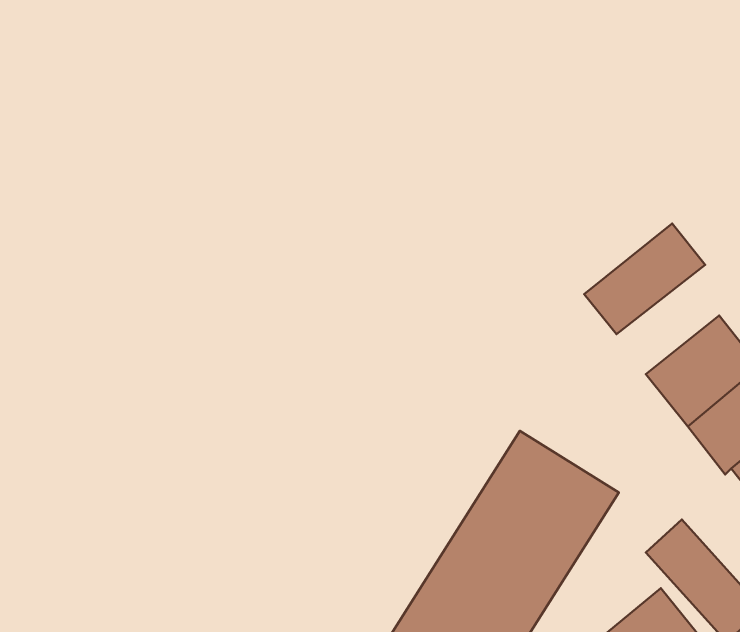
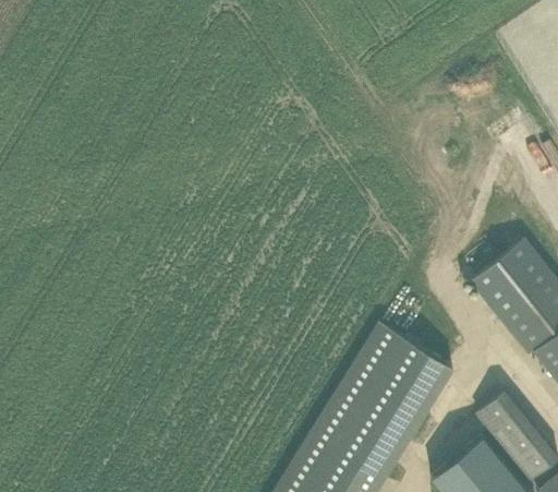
building: [584,223,705,334] -> none

